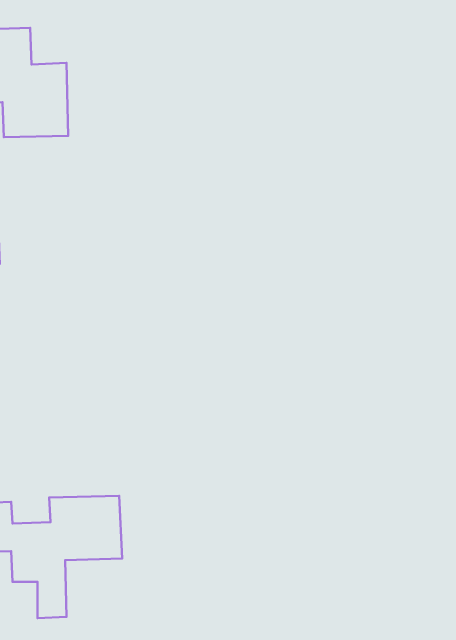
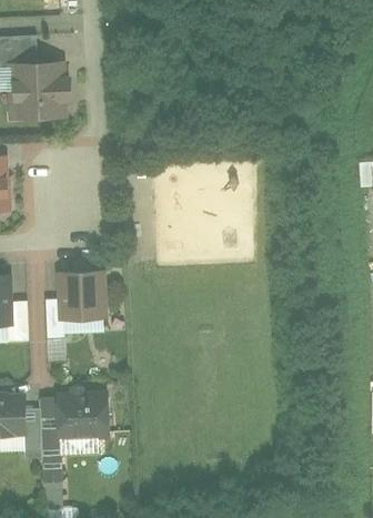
building: none -> [61,272,102,325]

